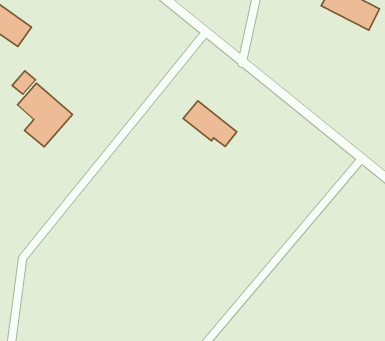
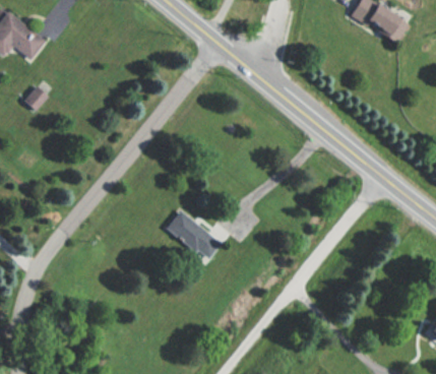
building: [18,83,73,147] -> none
building: [183,101,237,147] -> [168,211,224,259]

